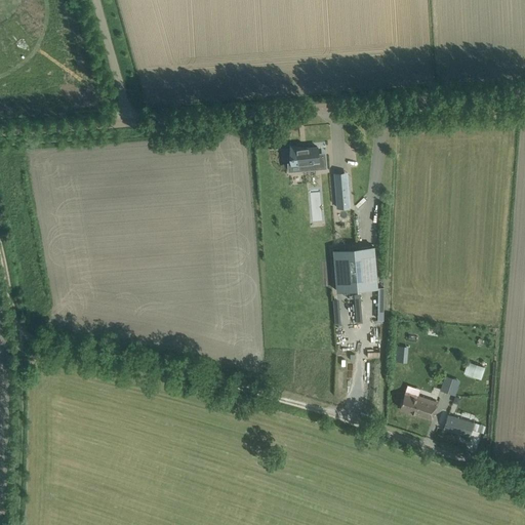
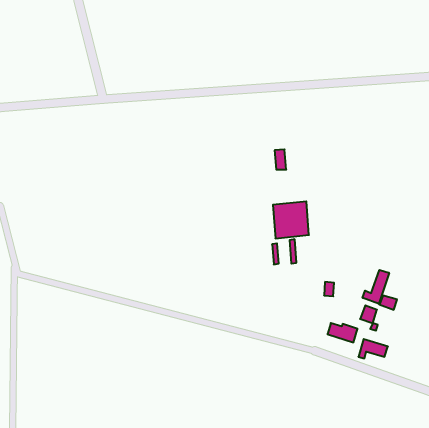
building: [290,148,324,169] -> none
building: none -> [363,270,389,304]

